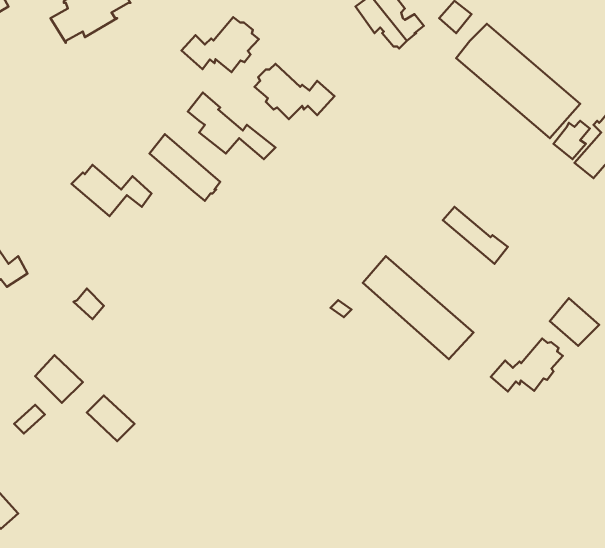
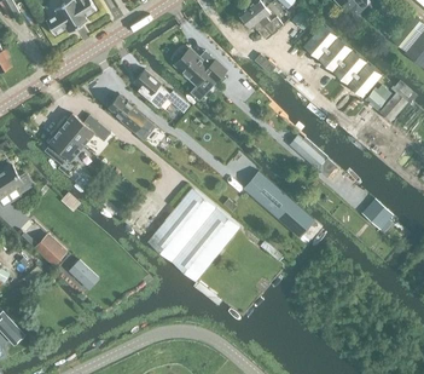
building: [182,17,259,72] -> none
building: none -> [48,126,82,165]
building: none -> [146,188,238,282]
building: [491,338,563,392] -> none

